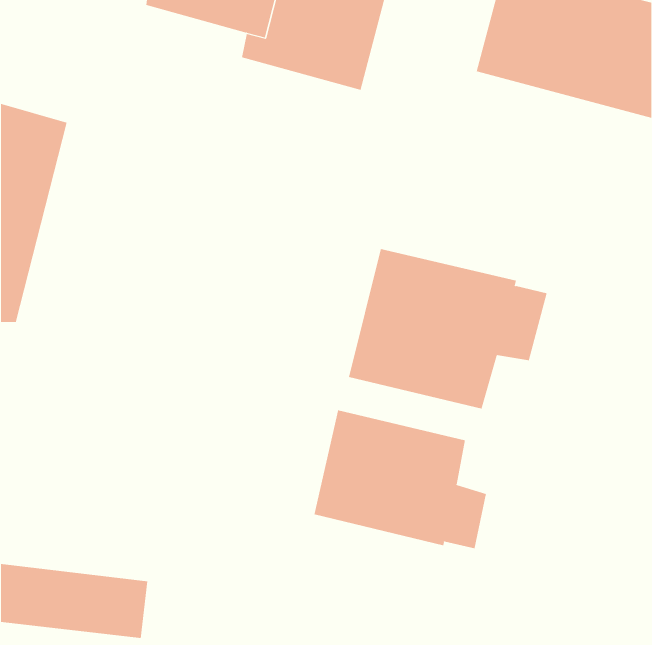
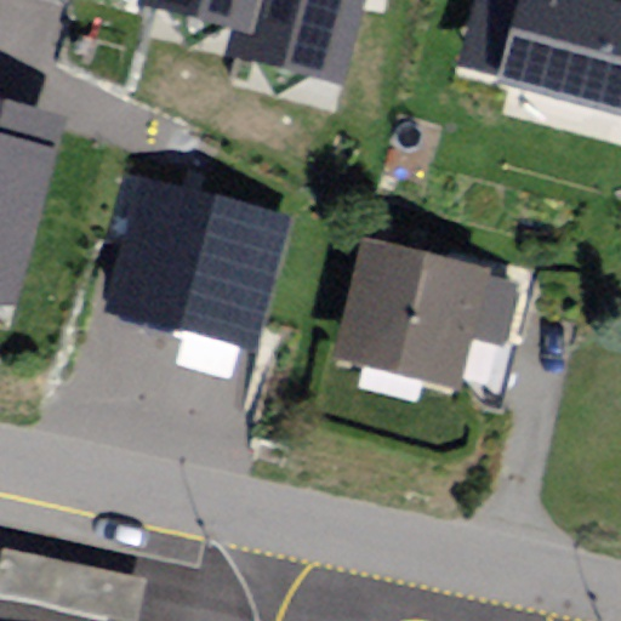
building: none -> [106,172,292,351]
building: [314,409,486,549] -> none

